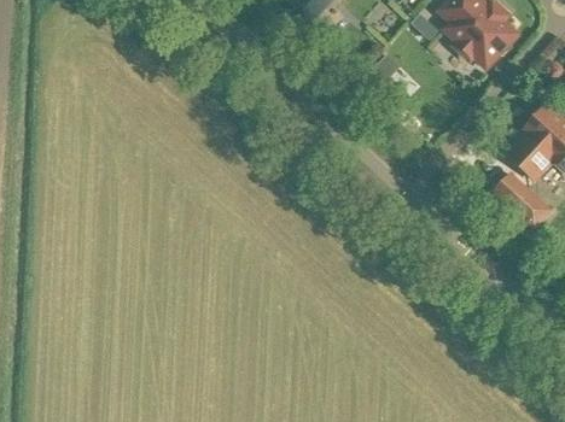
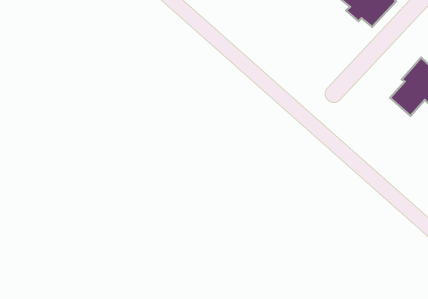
building: [491,170,552,229] -> none

